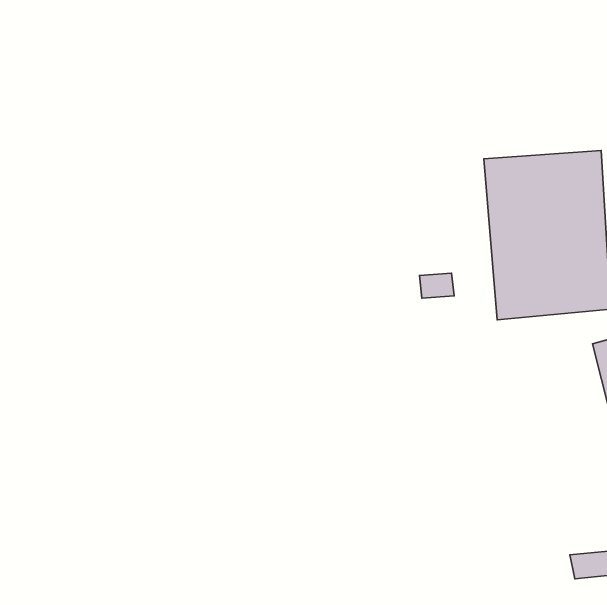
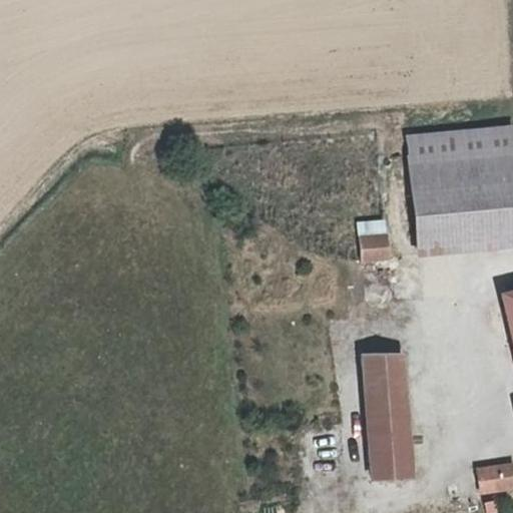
building: none -> [364,350,411,473]

